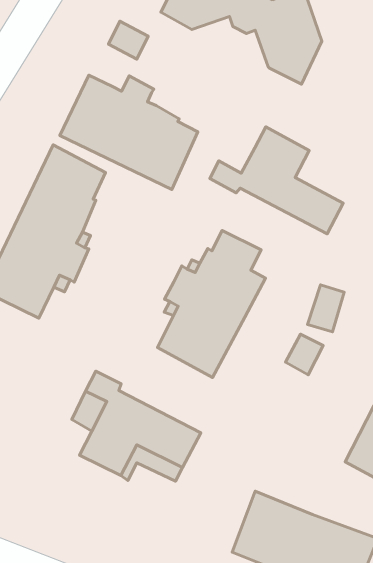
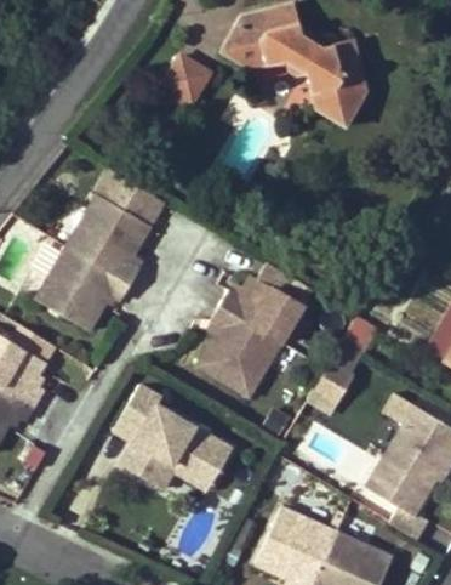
building: [60,75,198,189] -> none
building: [210,127,343,234] -> none

